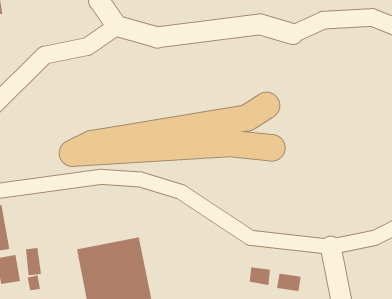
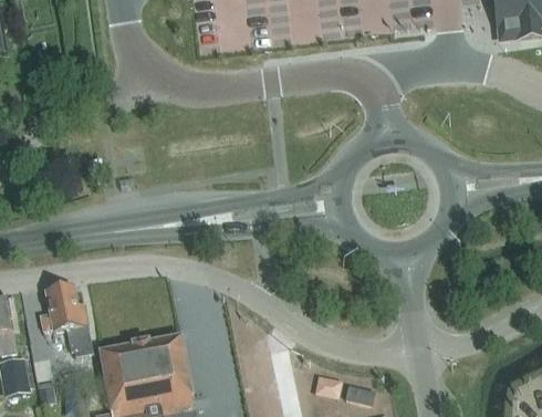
building: none -> [40,286,93,356]

